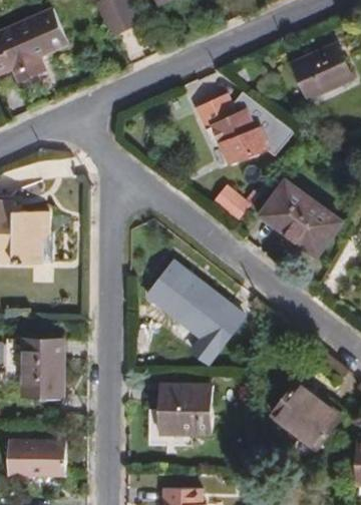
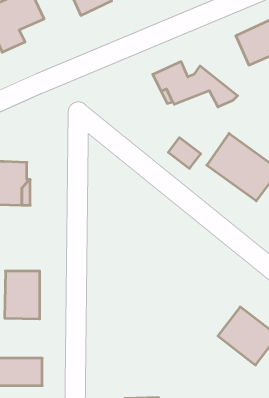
building: [221,128,272,163] -> none
building: [146,262,242,361] -> none
building: [158,385,213,435] -> none

